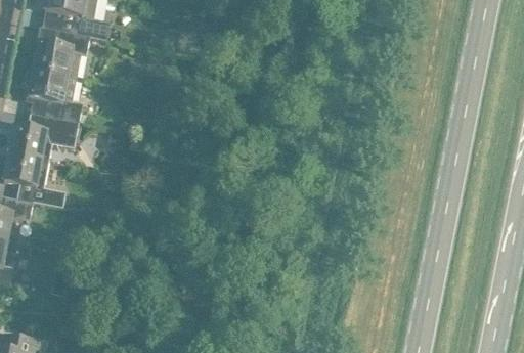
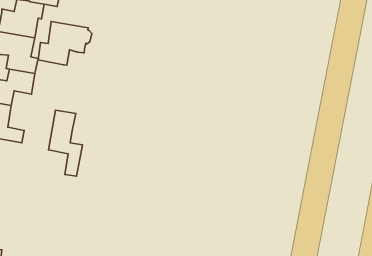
building: none -> [38,21,92,65]
building: none -> [49,110,83,176]

